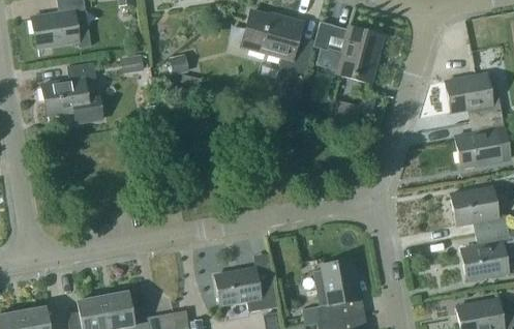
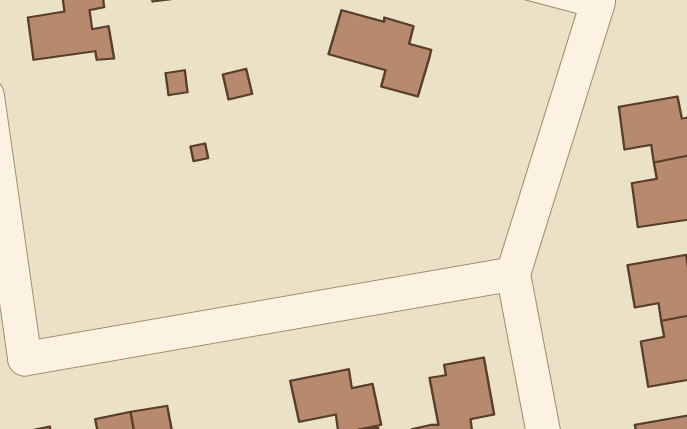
building: [313,21,383,80] -> none
building: [40,62,101,122] -> none

